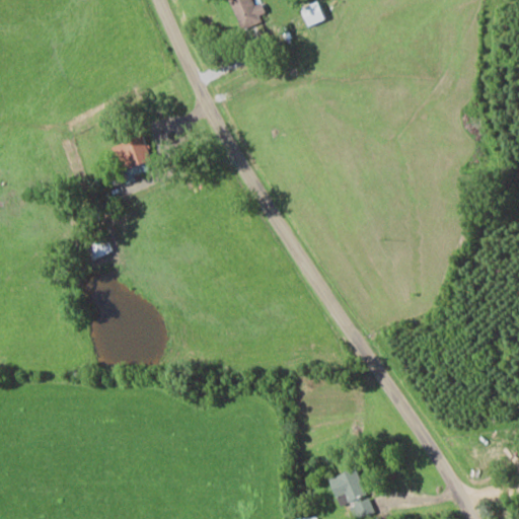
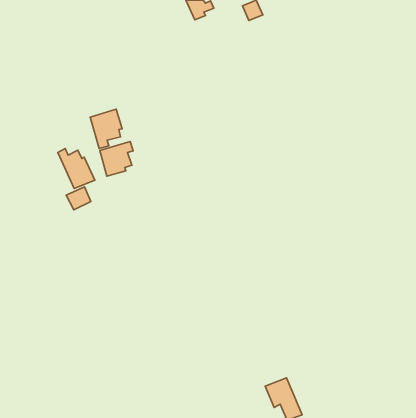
building: none -> [100,141,133,176]
building: none -> [58,149,95,189]

